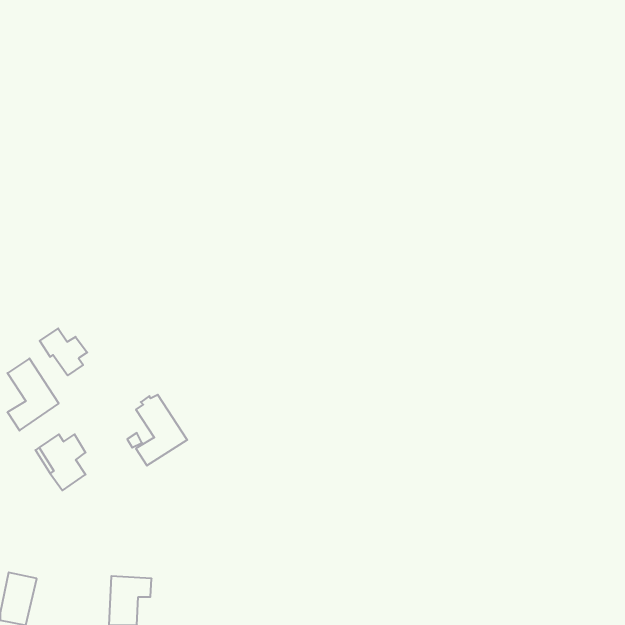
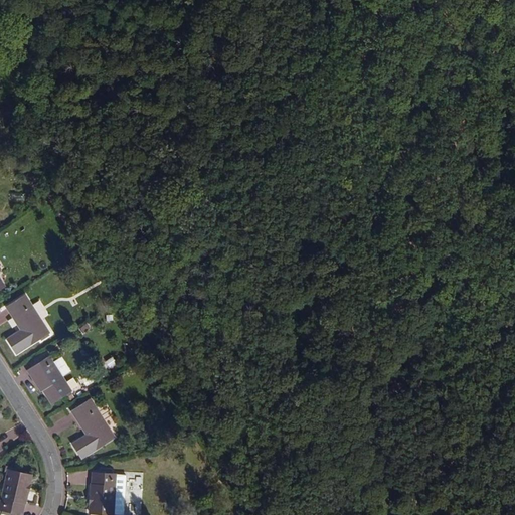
building: [40,328,87,375] -> none
building: [136,395,187,466] -> [71,400,114,459]

